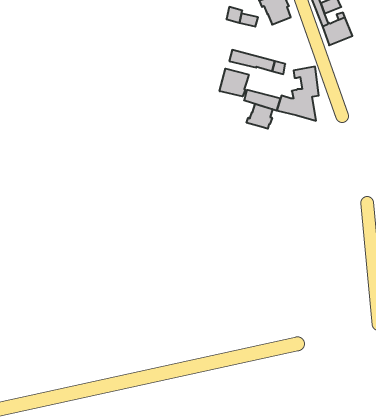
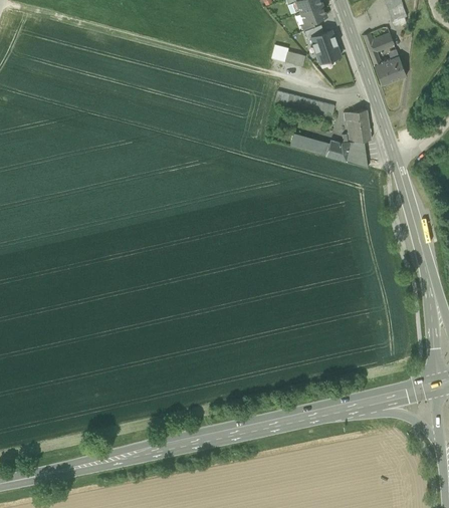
building: [220,69,249,96] -> none
building: [247,104,272,129] -> none

